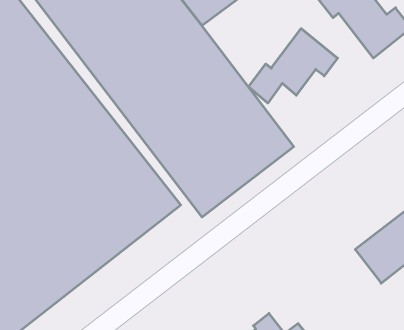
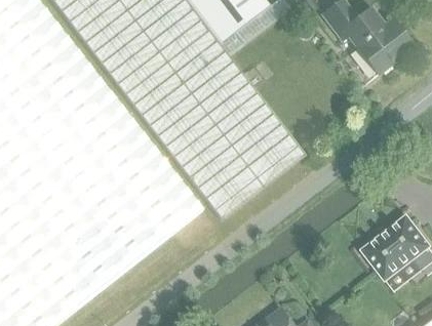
building: [248,29,338,103] -> none

